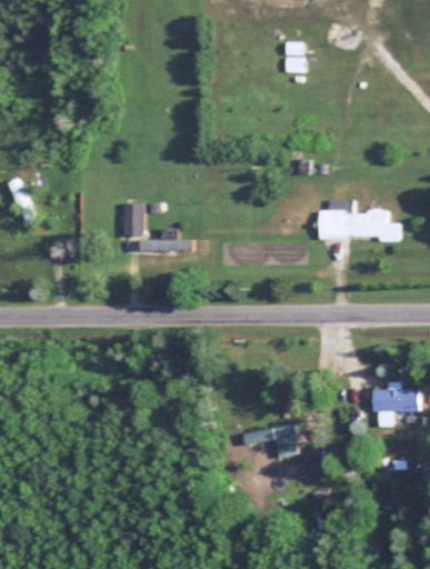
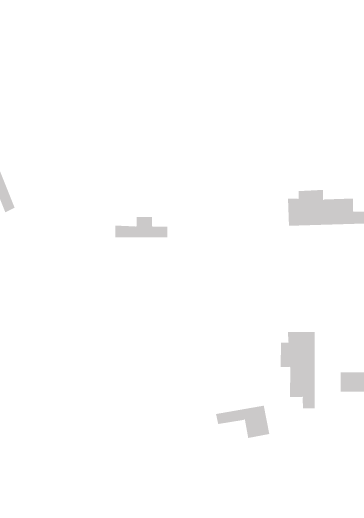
building: [284,42,306,73] -> none
building: [123,202,143,234] -> none
building: none -> [280,331,315,409]

